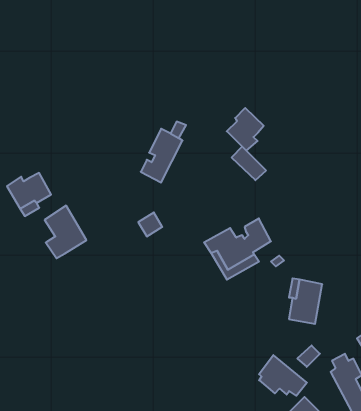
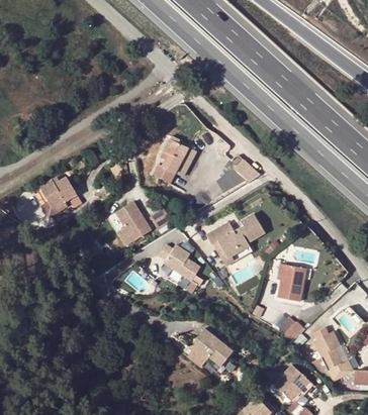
building: [227,108,264,151] -> none
building: [45,206,86,258] -> [115,200,151,244]
building: none -> [160,241,204,283]
building: [259,355,307,396] -> [190,327,231,361]

